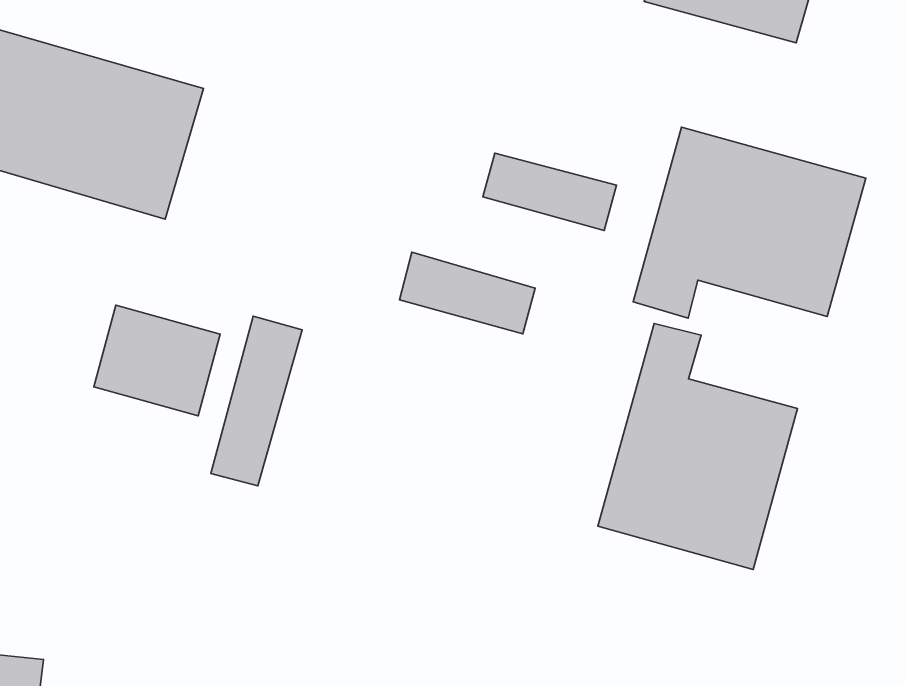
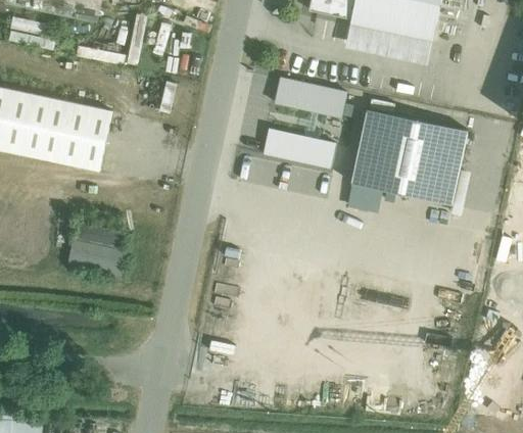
building: [400,252,535,334] -> [275,77,346,116]
building: [211,316,302,486] -> none
building: [598,324,798,569] -> none

